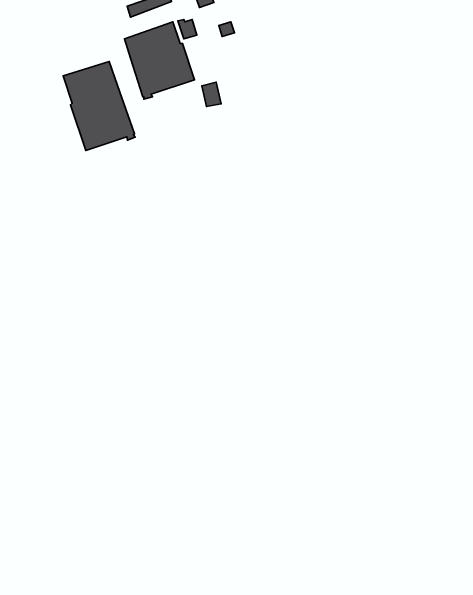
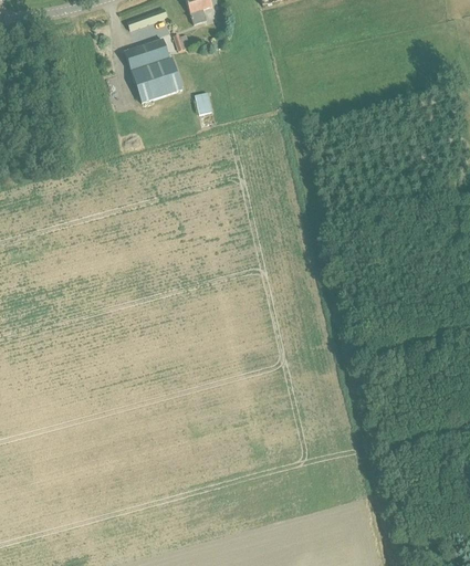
building: [63,61,135,151] -> none

